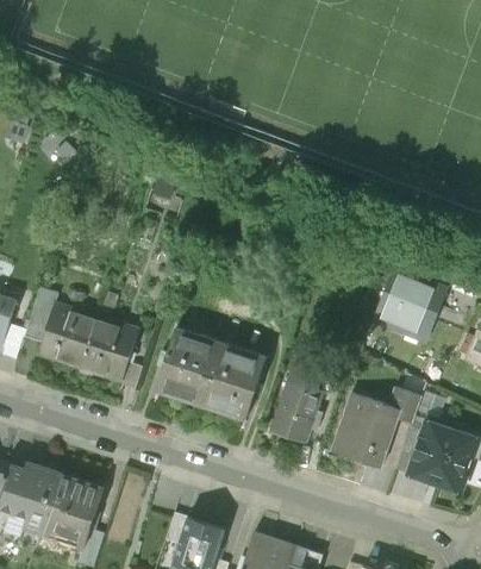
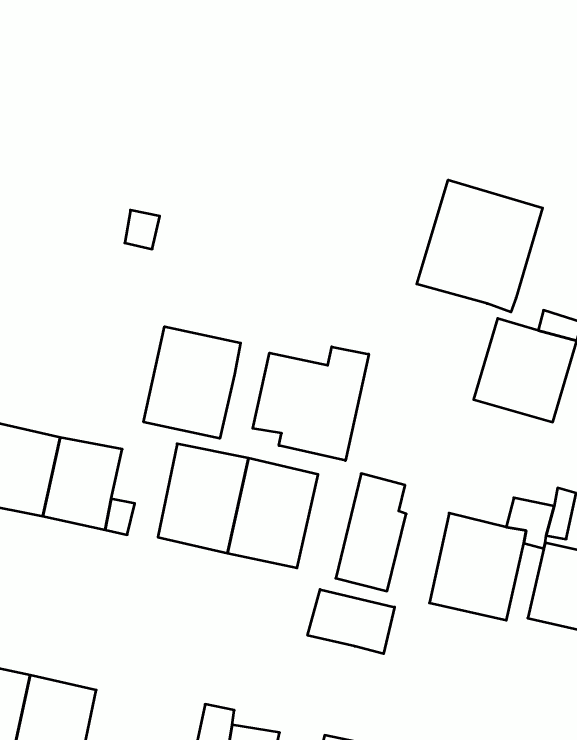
building: none -> [417,180,543,312]
building: none -> [144,327,241,438]
building: none -> [253,347,369,461]
building: none -> [308,589,395,654]

